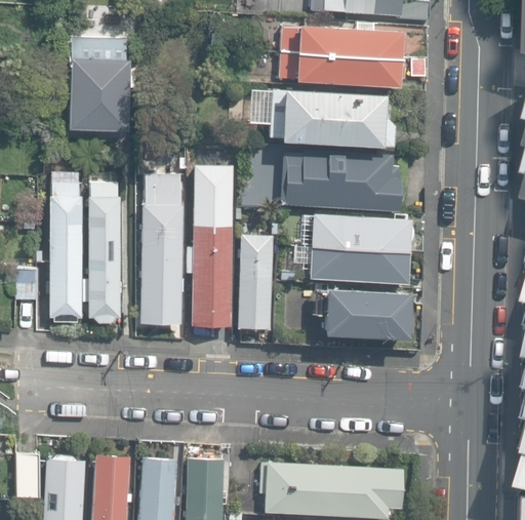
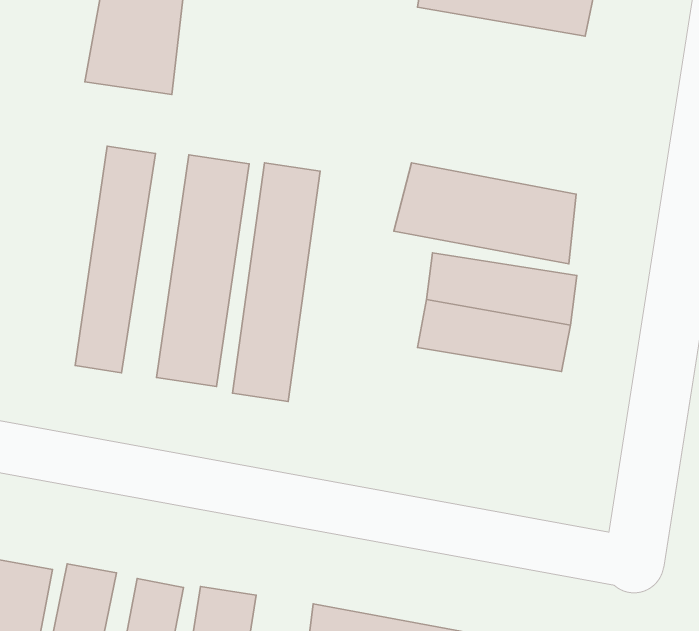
building: [282,52,398,87] -> none
building: [277,87,402,149] -> none
building: [50,172,84,323] -> none
building: [236,233,273,329] -> none
building: [320,290,411,338] -> none

